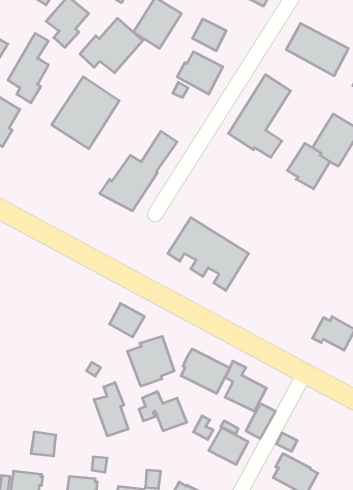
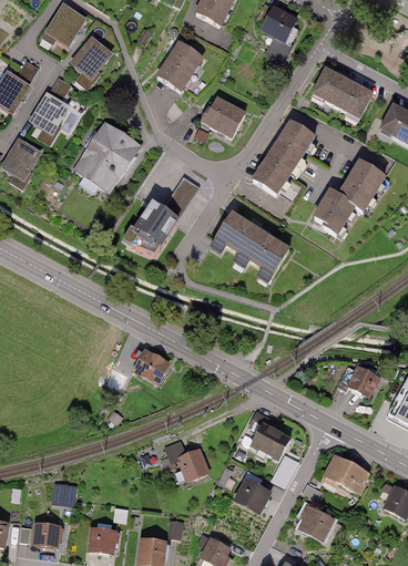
building: [80,18,143,73] -> none
building: [192,19,226,51] -> none
building: [168,218,249,291] -> [208,210,290,285]
building: [127,336,174,386] -> none
building: [181,349,230,393] -> none
building: [94,382,128,436] -> none
building: none -> [323,453,370,494]

